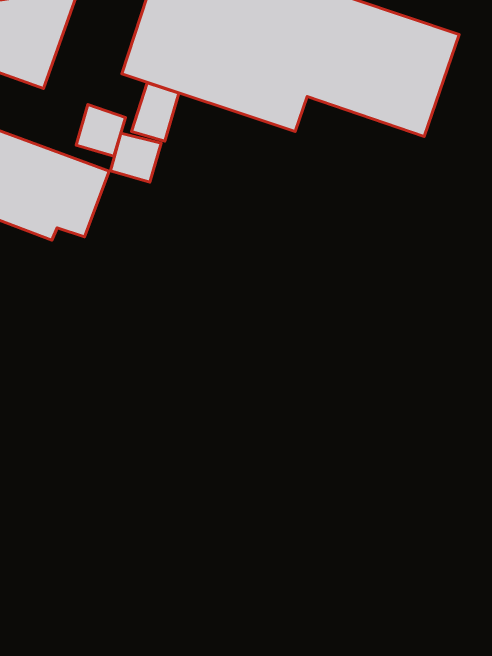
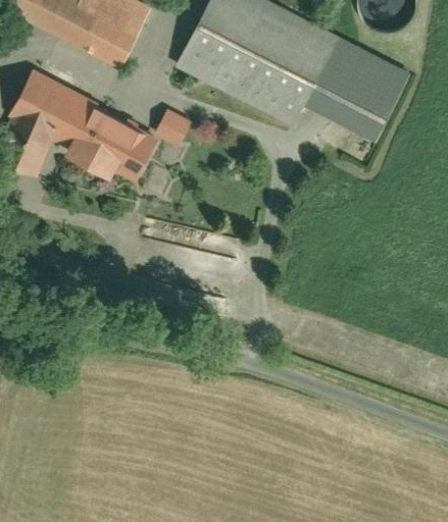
building: [131,83,179,141] -> none
building: [76,105,126,156] -> none

